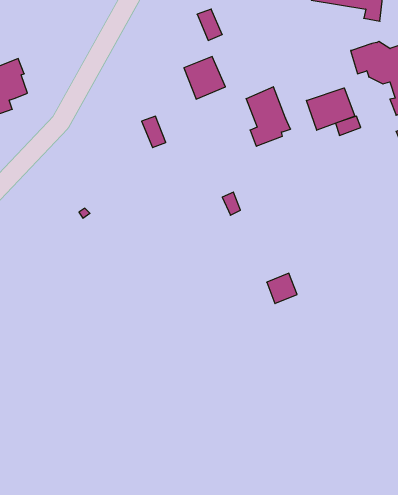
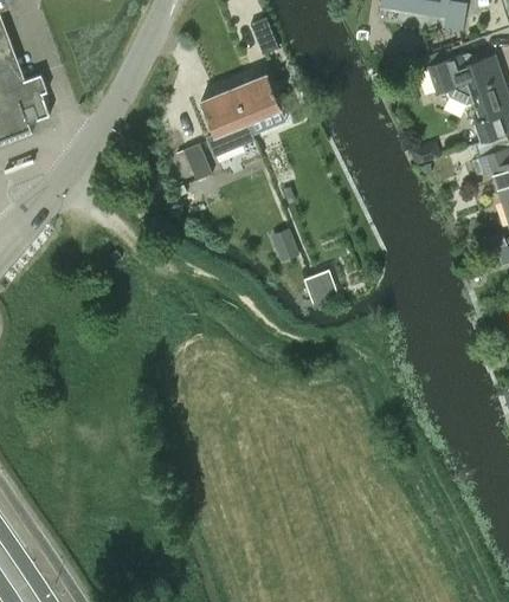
building: [246,87,291,146] -> [201,86,253,156]
building: [306,88,355,130] -> none
building: [267,273,297,304] -> [303,268,339,304]

